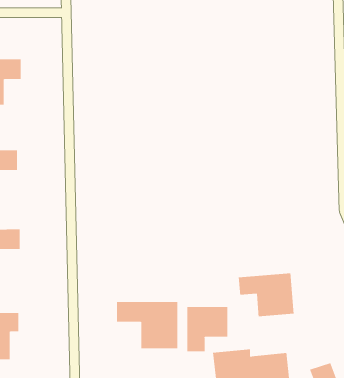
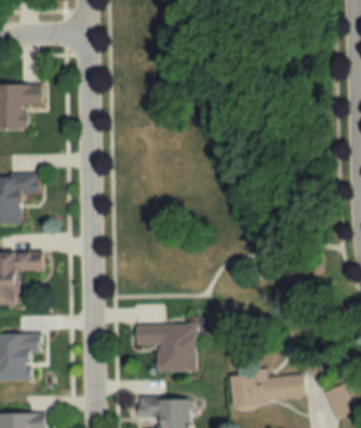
building: [238,273,294,317] -> none
building: [187,306,228,352] -> none

